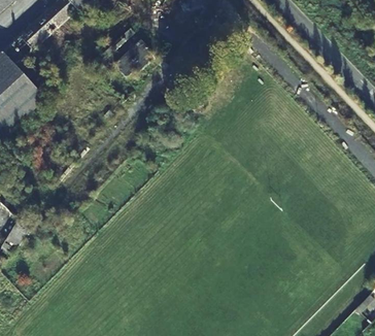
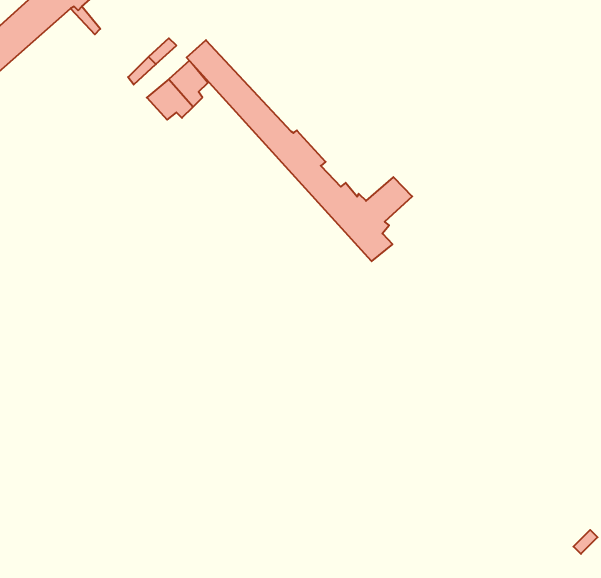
building: none -> [187,40,412,261]

